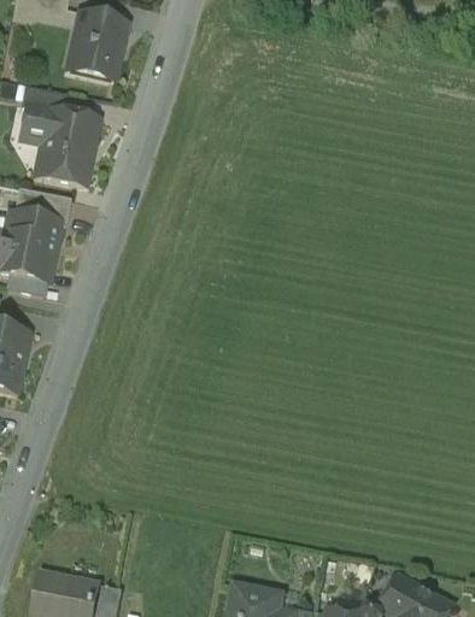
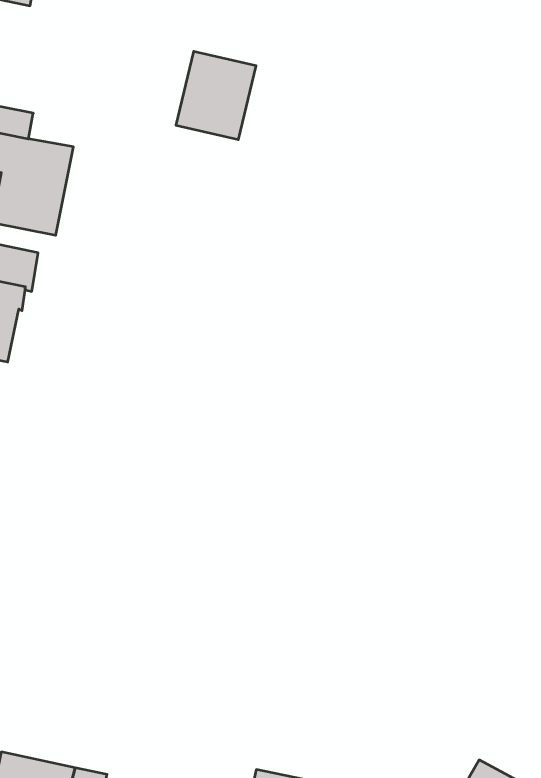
building: [66,12,127,78] -> [176,51,256,140]

